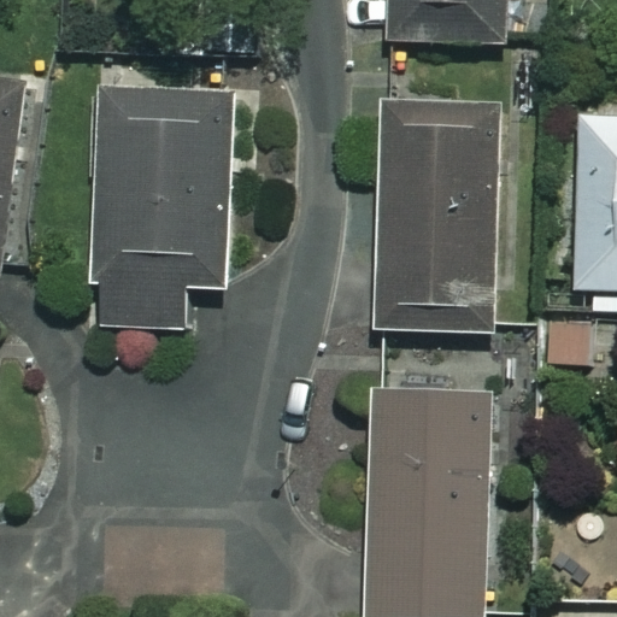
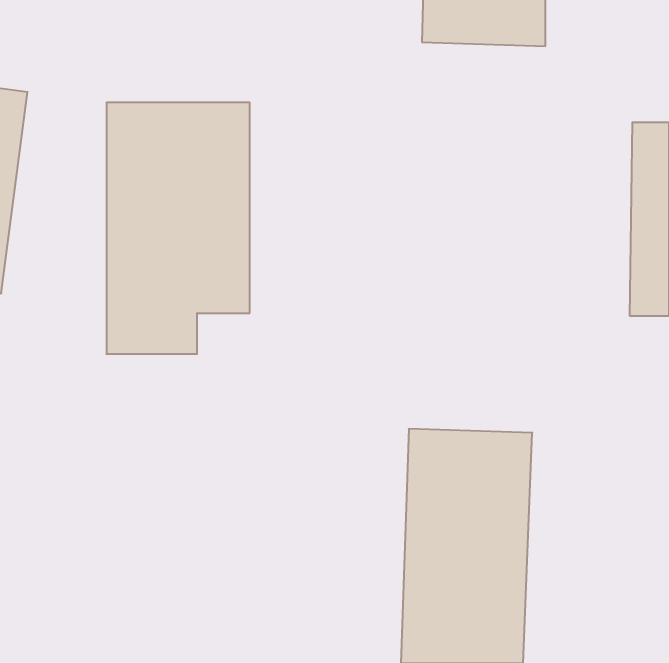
building: [381,101,495,331] -> none

